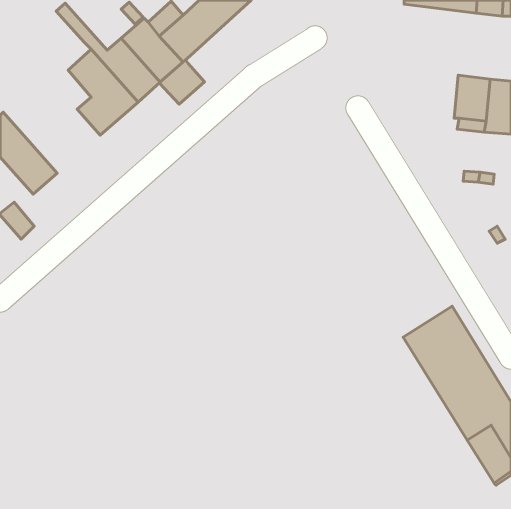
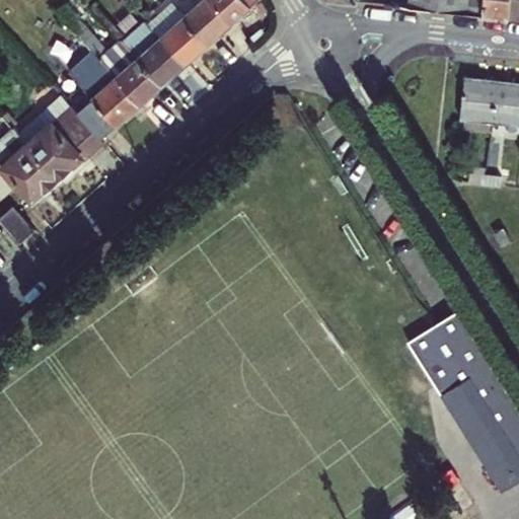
building: [159,60,205,104] -> none
building: none -> [19,95,104,177]

